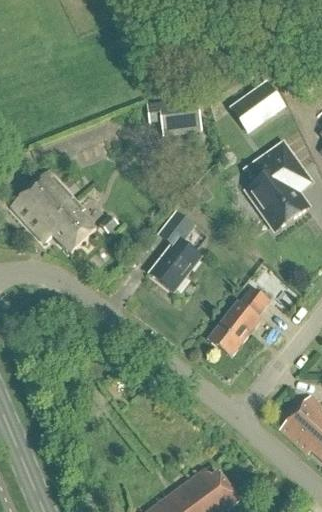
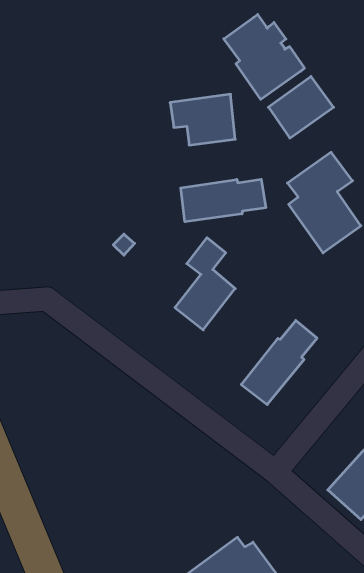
building: none -> [224,14,304,99]
building: none -> [181,179,266,222]
building: [11,169,95,251] -> none

